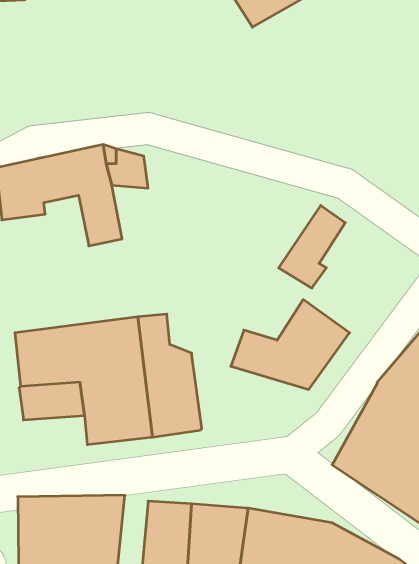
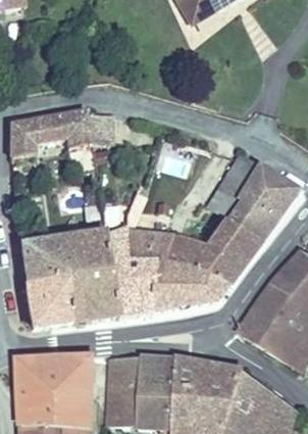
building: none -> [221,162,290,240]
building: none -> [125,227,225,307]
building: none -> [24,298,69,324]

